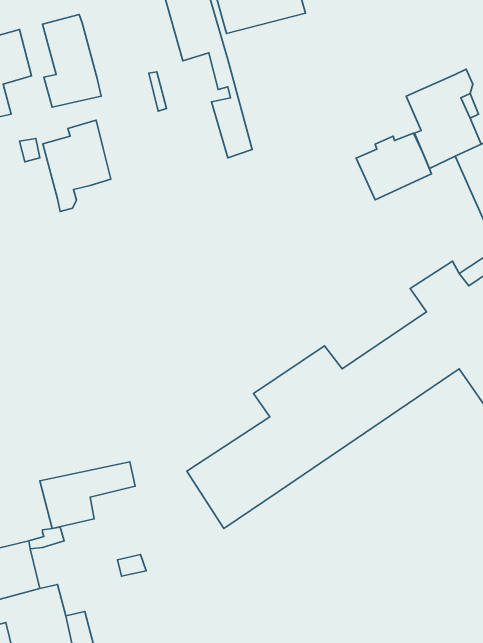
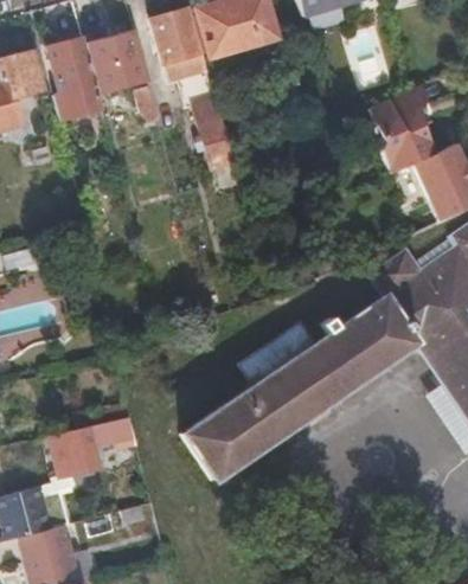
building: none -> [89,31,152,92]
building: [43,120,111,211] -> none
building: [356,133,432,200] -> none

